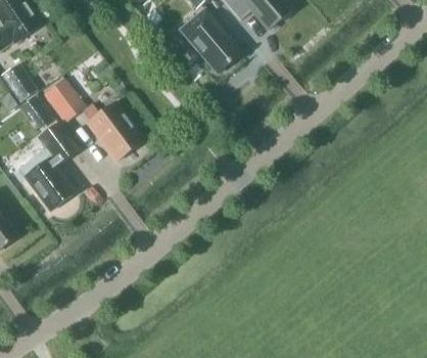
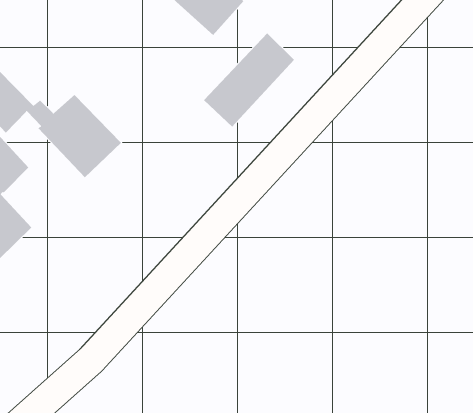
building: none -> [203,32,295,127]

